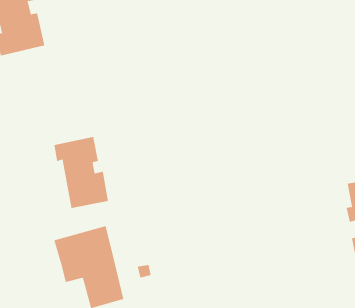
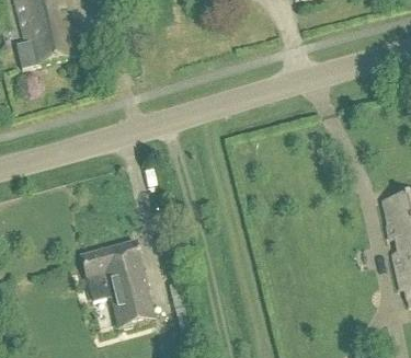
building: [54,136,109,209] -> none

